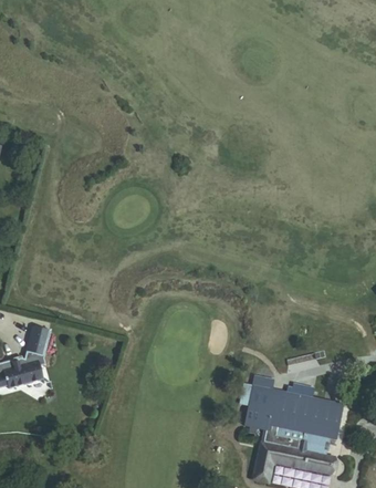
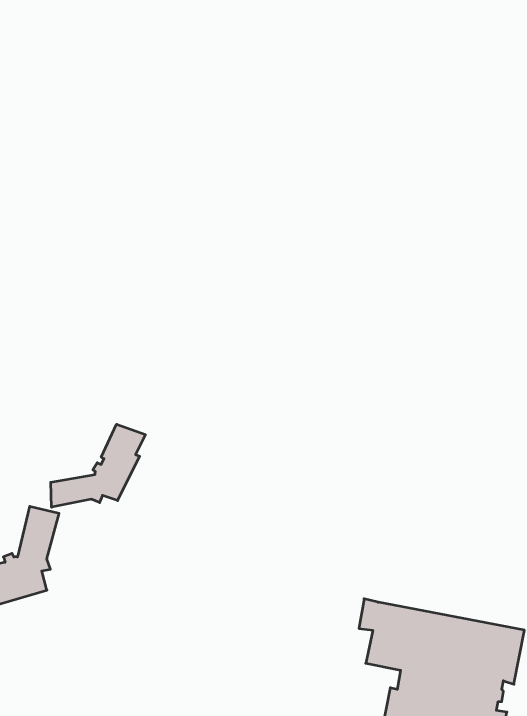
building: none -> [51,424,145,507]

